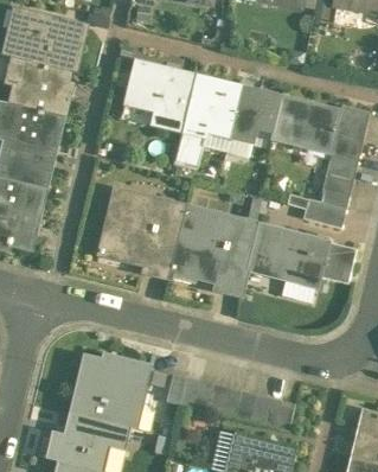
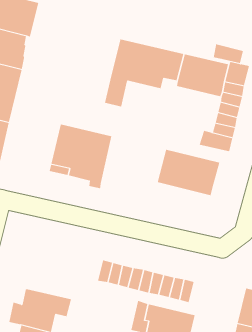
building: [123,59,194,130] -> none
building: none -> [213,43,243,64]
building: [169,206,256,295] -> none
building: [320,242,357,283] -> none
building: [69,356,148,428] -> none

